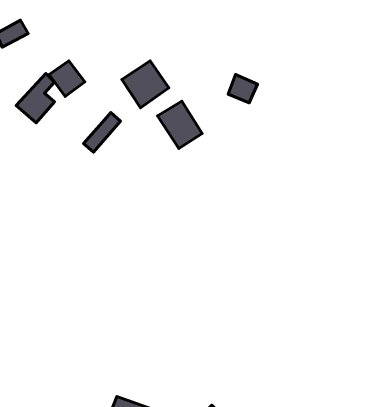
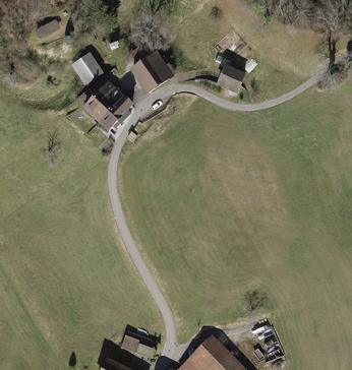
building: [16,73,55,123] -> [84,81,116,122]
building: [157,101,202,149] -> none

